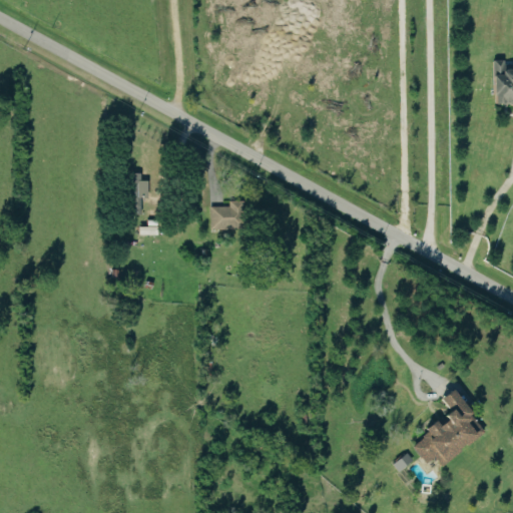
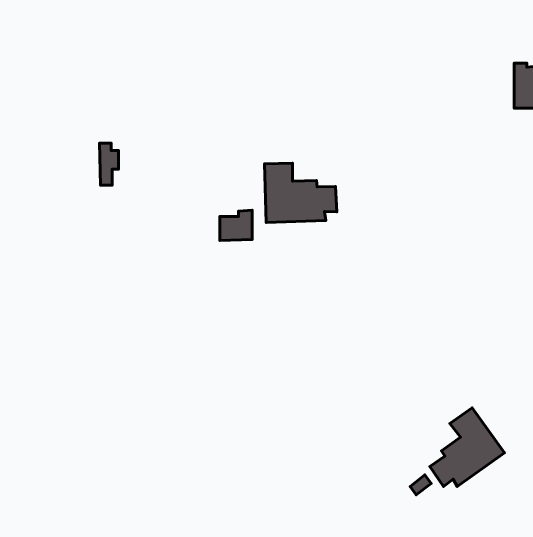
building: none -> [265,163,337,223]
building: [132,173,150,213] -> [99,143,118,185]

